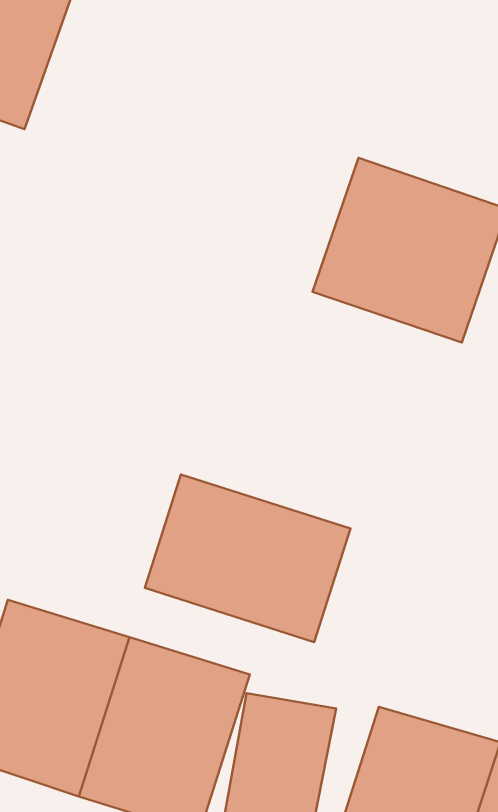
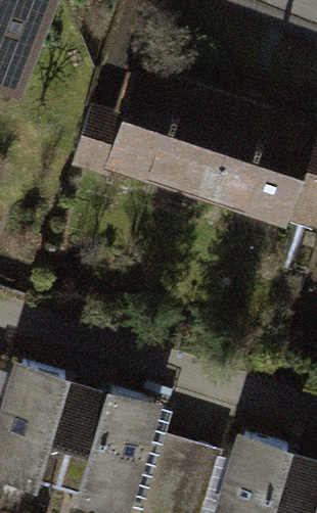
building: none -> [104,78,223,189]
building: [145,474,350,642] -> none

